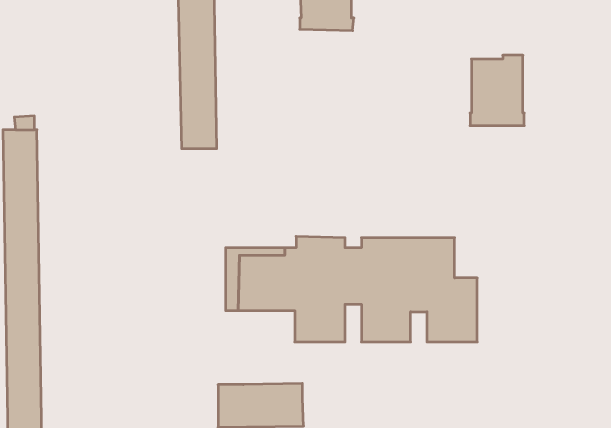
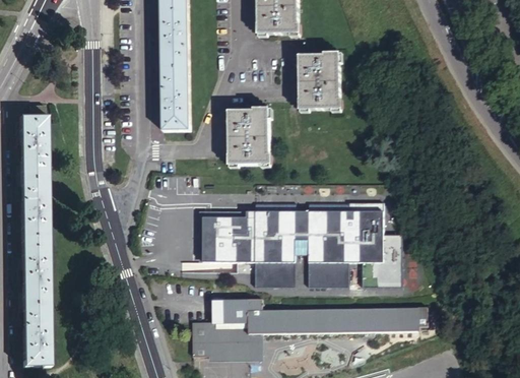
building: [470,55,524,126] -> [300,53,343,110]
building: none -> [229,109,273,167]
building: none -> [213,299,429,333]

